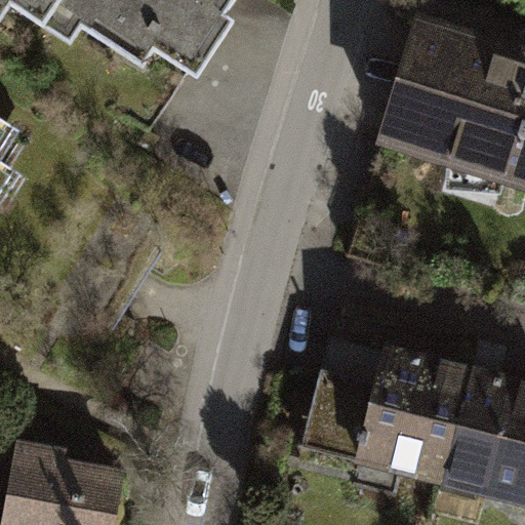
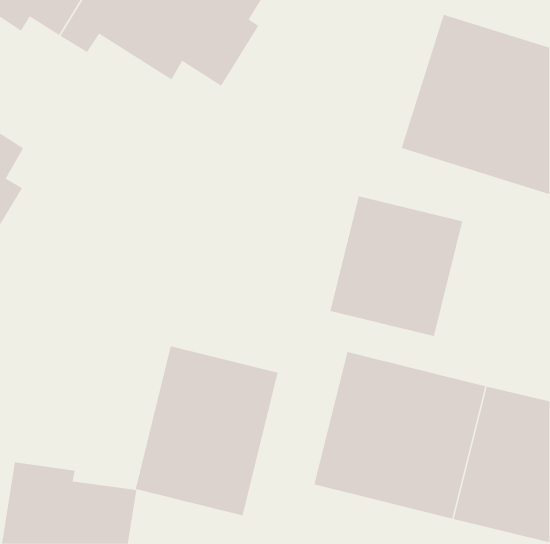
building: none -> [330,195,463,337]
building: none -> [135,345,278,516]

